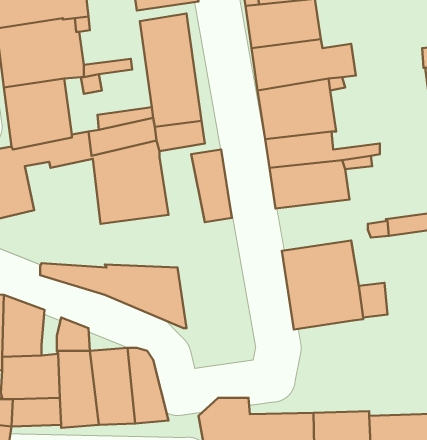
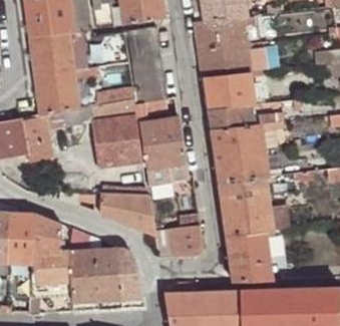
building: none -> [138,120,171,187]
building: none -> [215,150,268,185]
building: none -> [172,226,203,257]
building: none -> [227,231,273,282]

